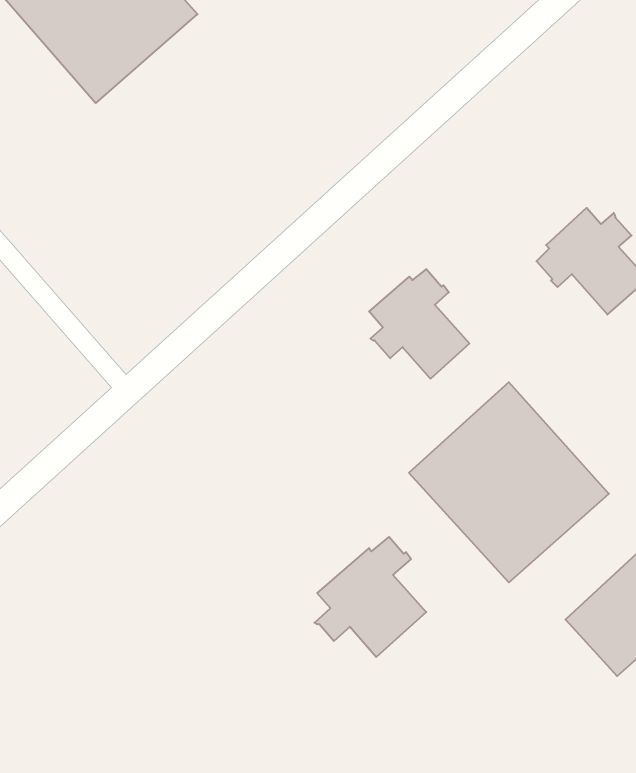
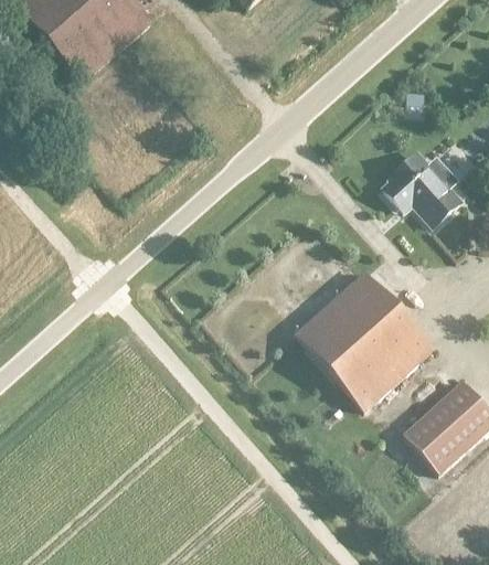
building: [369,269,469,379] -> none
building: [314,537,426,657] -> none

